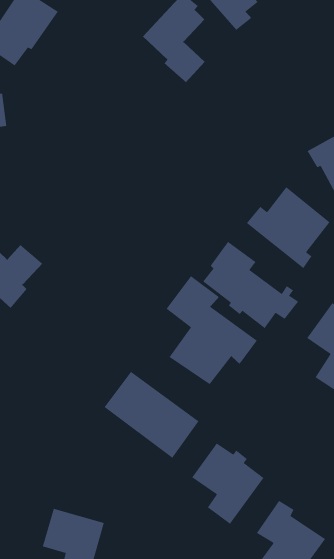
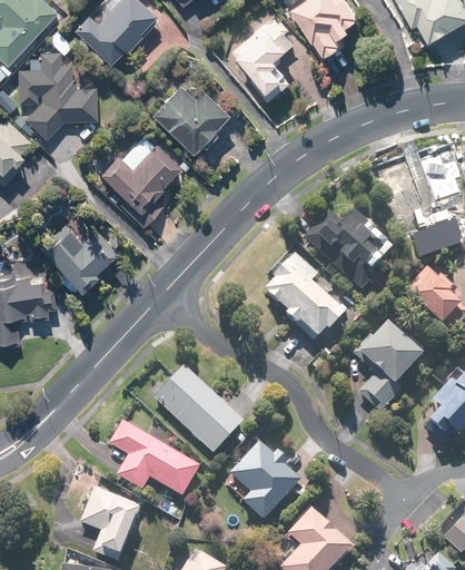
building: none -> [152,85,228,153]
building: none -> [101,134,180,226]
building: [166,275,258,385] -> none
building: none -> [109,420,200,495]

